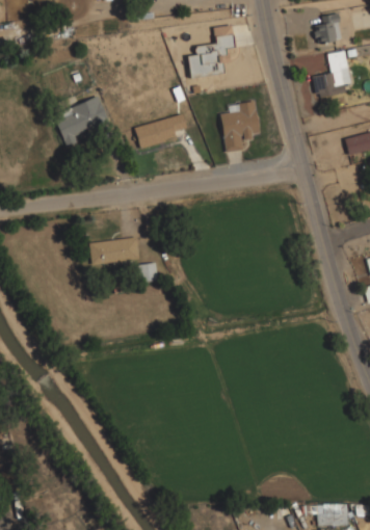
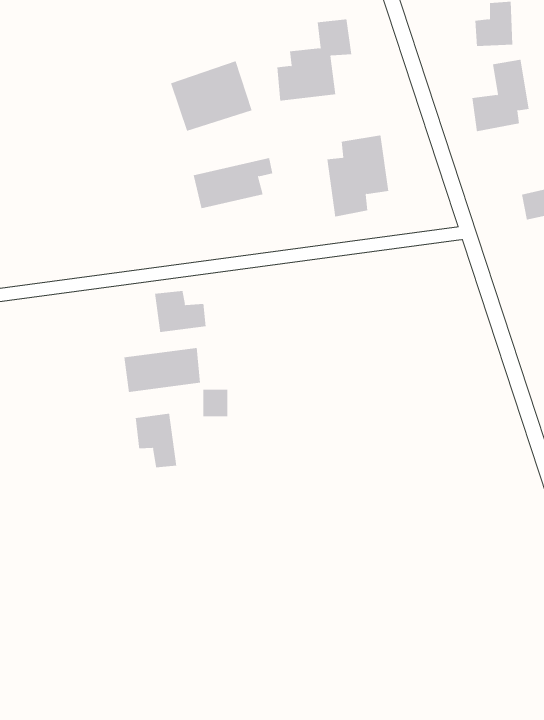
building: [55,100,108,145] -> [170,61,252,131]
building: none -> [154,290,206,333]
building: none -> [135,413,177,468]

